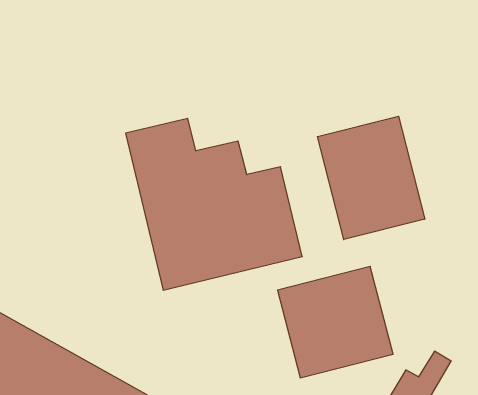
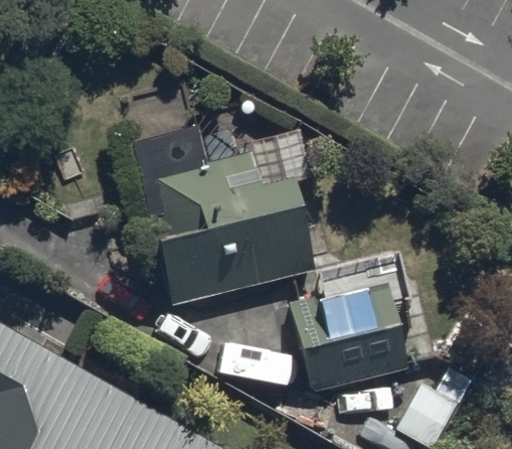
building: [317,116,425,240] -> none

